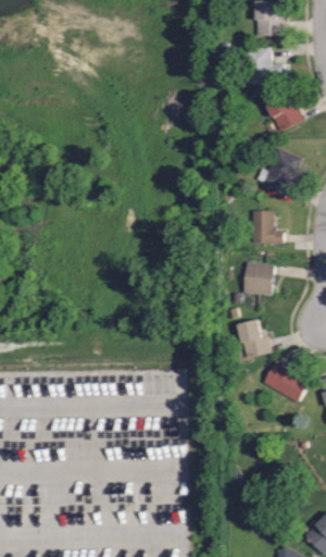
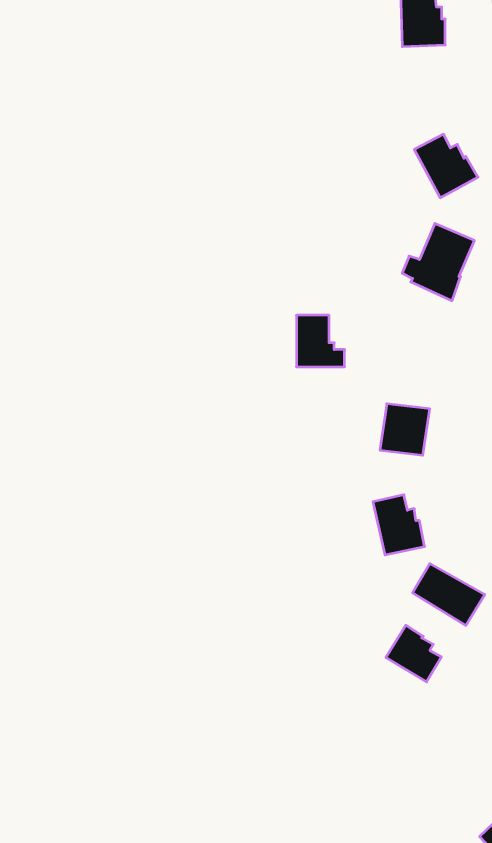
building: [247,47,287,83] -> none
building: [252,210,283,243] -> [296,315,345,367]
building: none -> [386,625,441,682]

